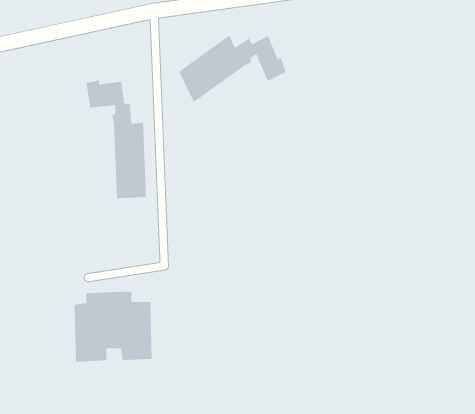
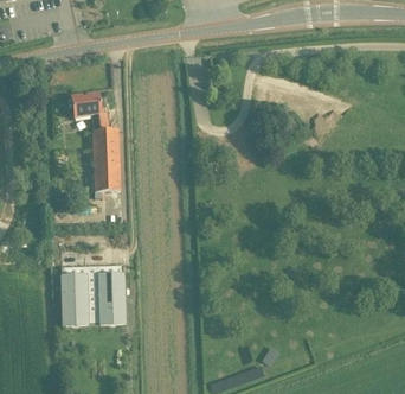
building: [178,34,287,103] -> none

